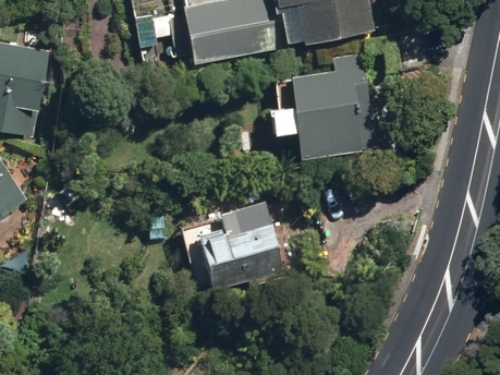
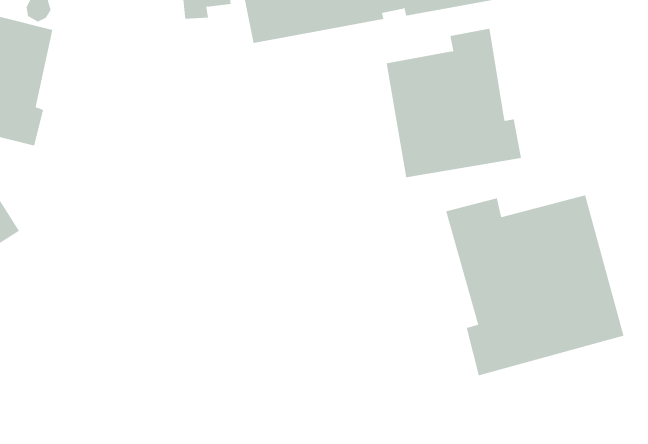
building: none -> [446,195,624,376]
building: [195,202,285,290] -> none

